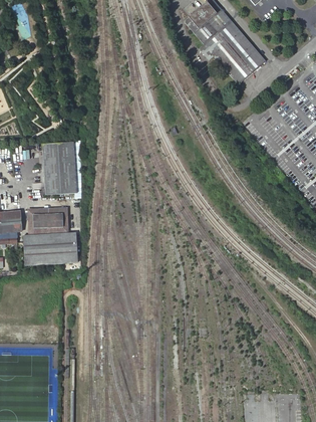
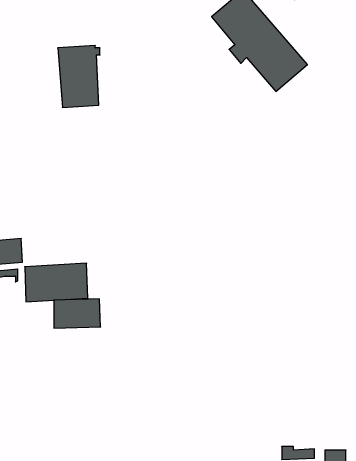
building: [41,142,77,195] -> [58,46,100,107]
building: [28,208,68,233] -> [54,299,101,328]

